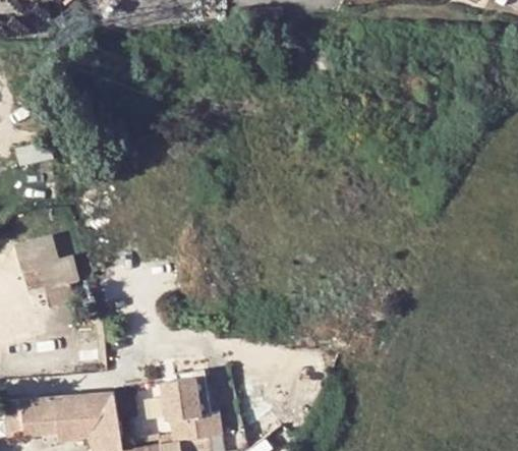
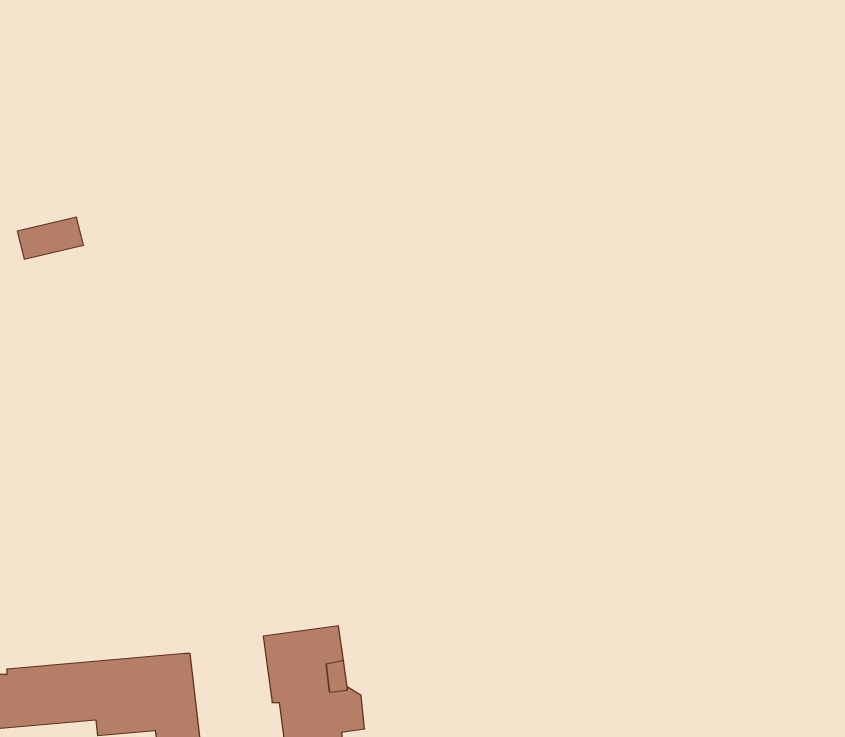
building: [16,235,77,303] -> none

